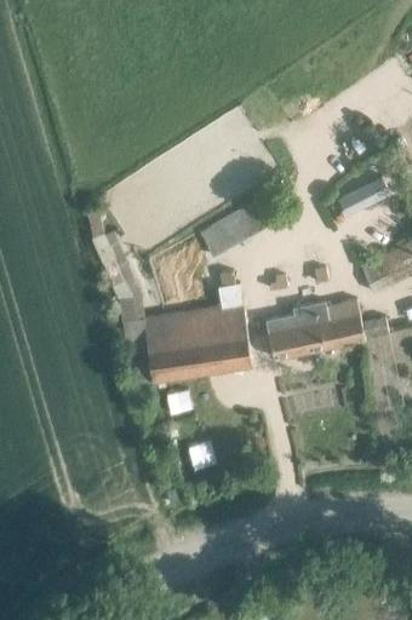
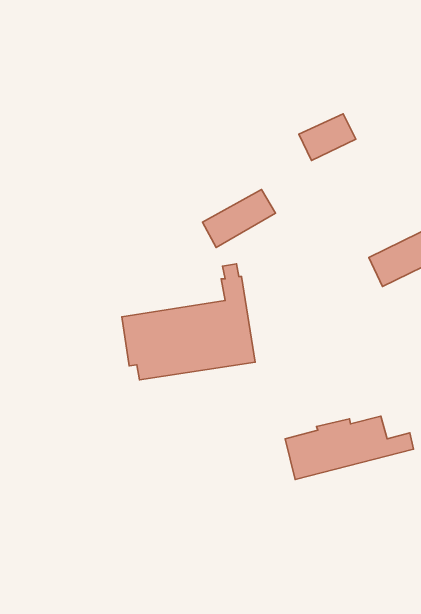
building: [336,178,390,223] -> [299,114,356,161]
building: [264,302,388,362] -> [285,416,414,479]

